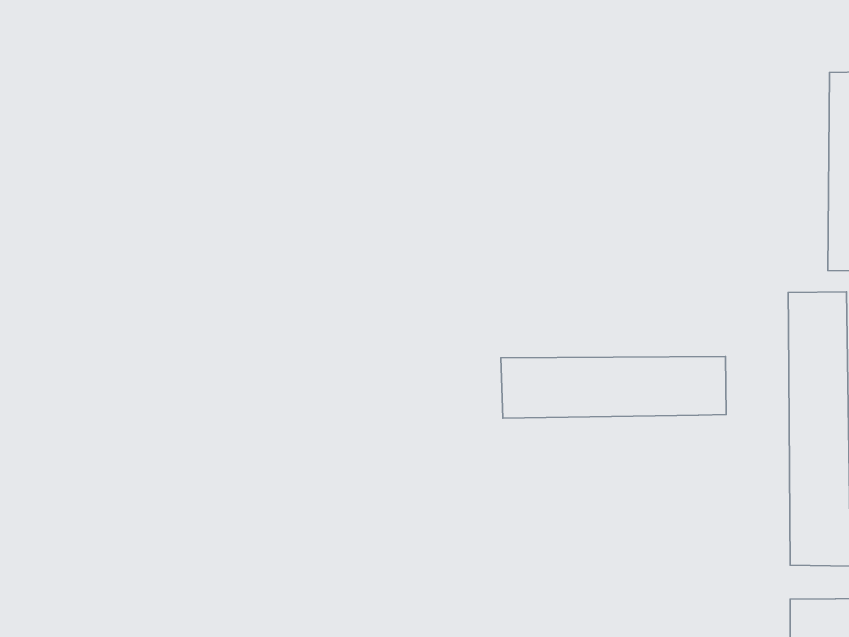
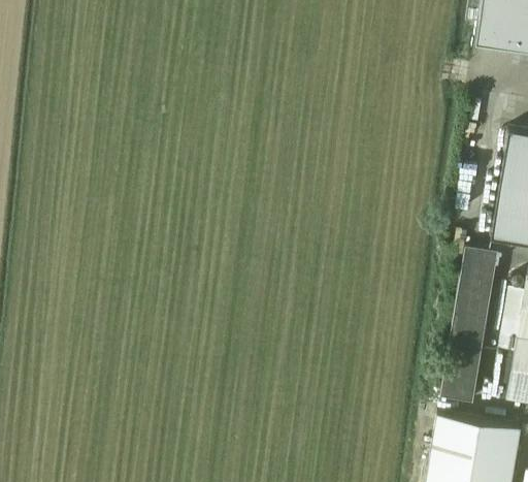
building: [501,357,726,418] -> none

